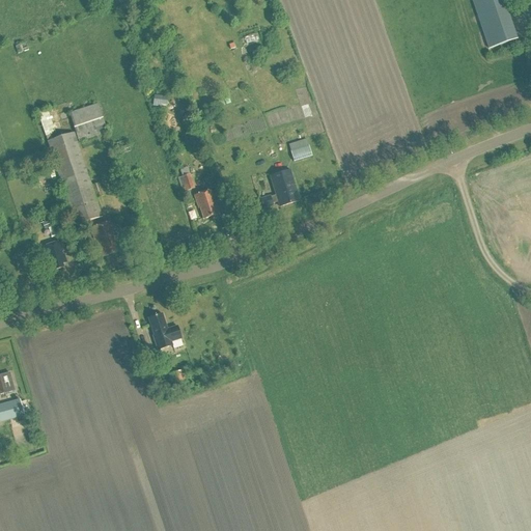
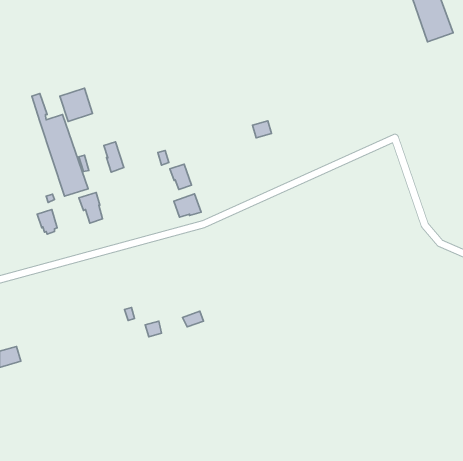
building: none -> [104,142,124,172]
building: [260,167,300,205] -> none
building: none -> [174,194,201,217]
building: [147,311,180,347] -> none

